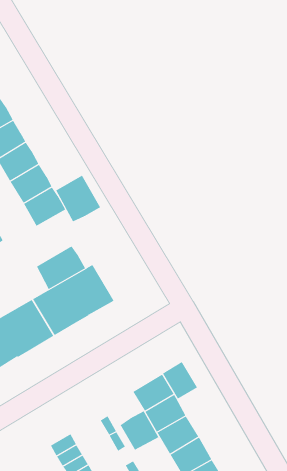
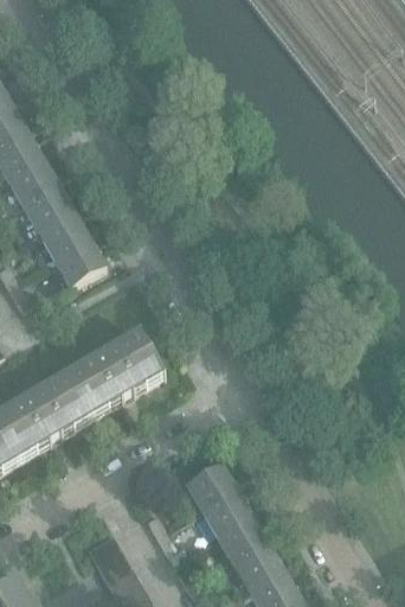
building: [55,175,101,222] -> none
building: [36,245,86,290] -> none
building: [162,361,198,400] -> none
building: [120,410,159,451] -> none

